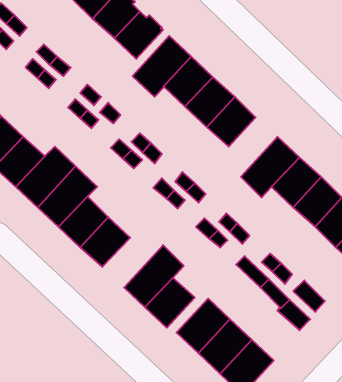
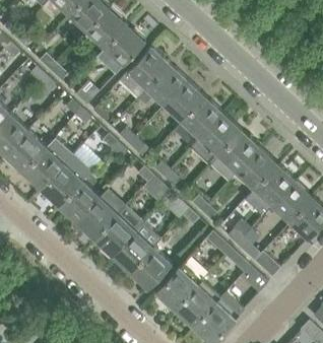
building: none -> [191,115,241,164]
building: none -> [94,205,145,257]

